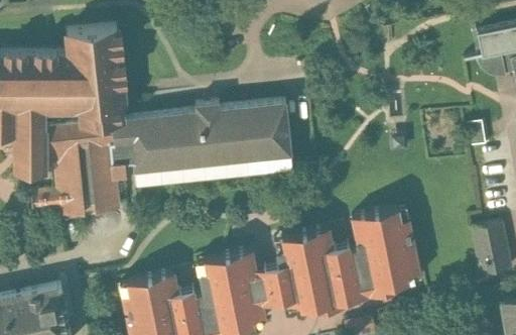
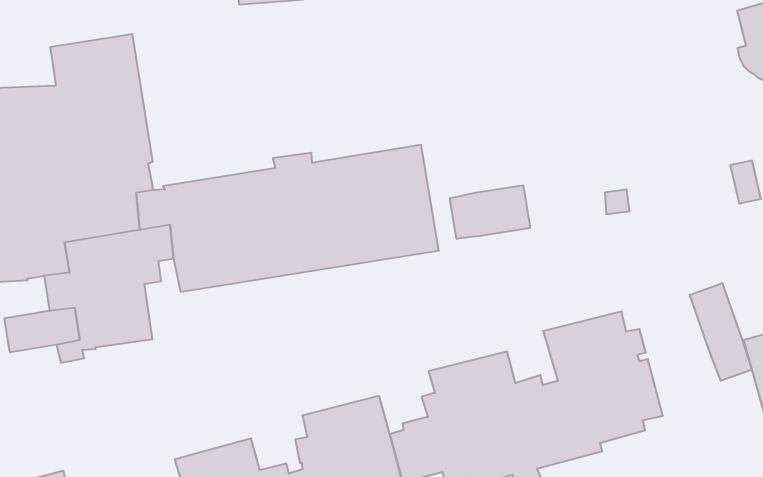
building: none -> [450,185,530,239]
building: none -> [690,283,752,381]

